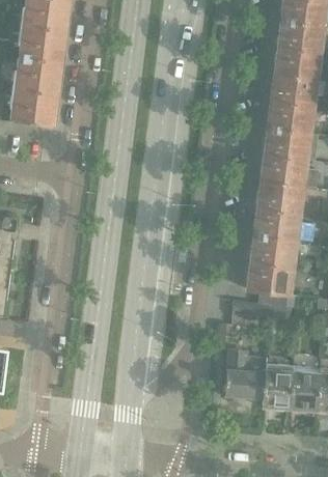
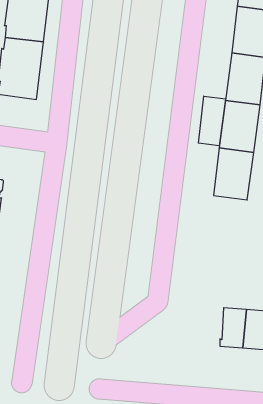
building: none -> [198,96,226,146]
building: [233,236,298,318] -> none
building: [224,349,267,400] -> none

